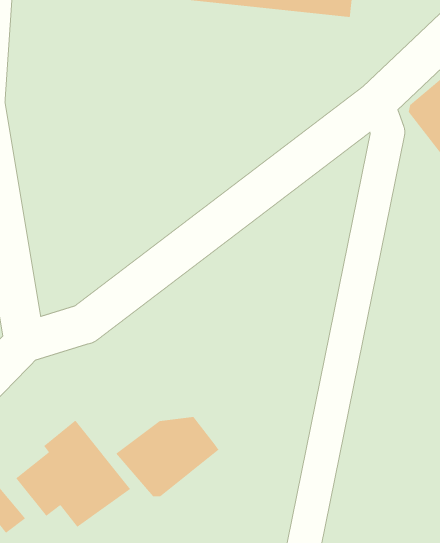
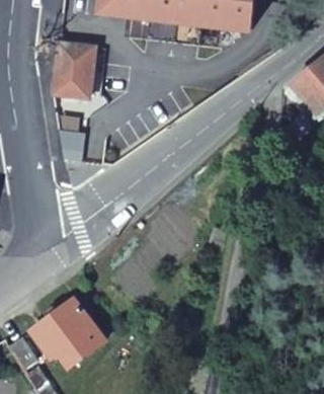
building: none -> [52,43,94,96]
building: [115,416,220,497] -> none

